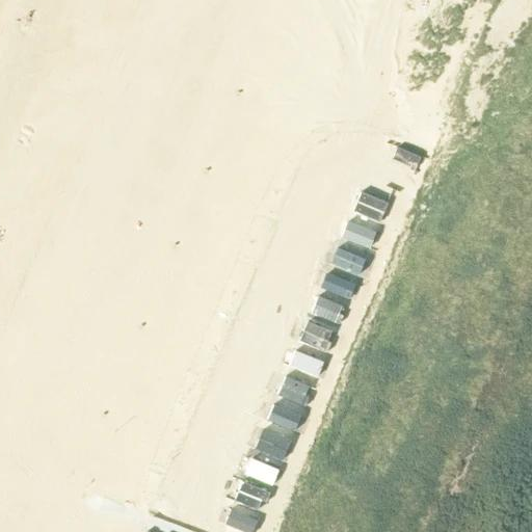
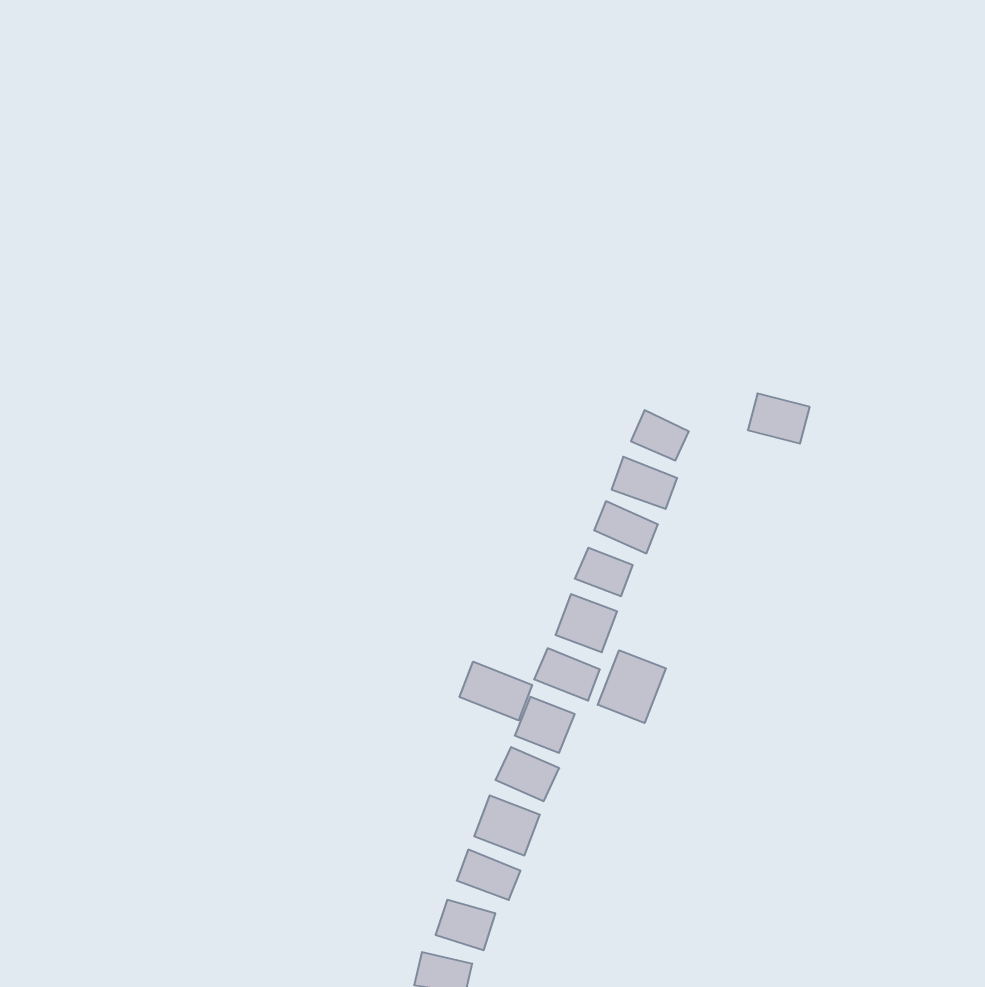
building: [353,193,387,220] -> [748,393,810,444]
building: none -> [598,650,666,723]
building: none -> [460,662,532,720]

